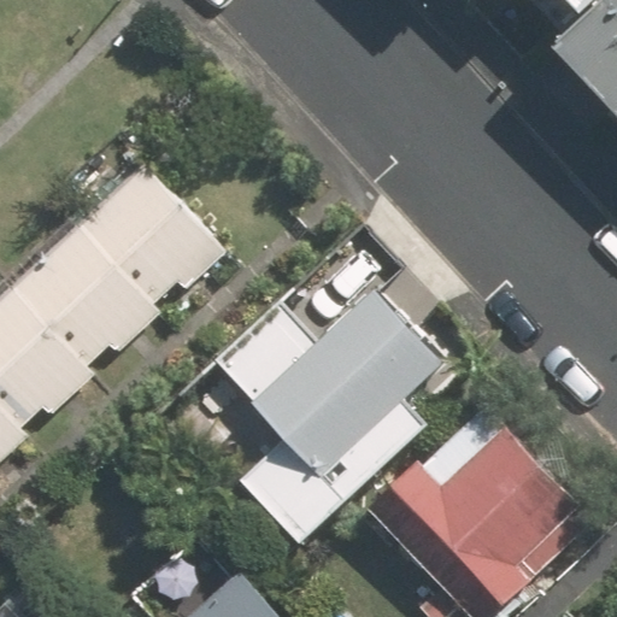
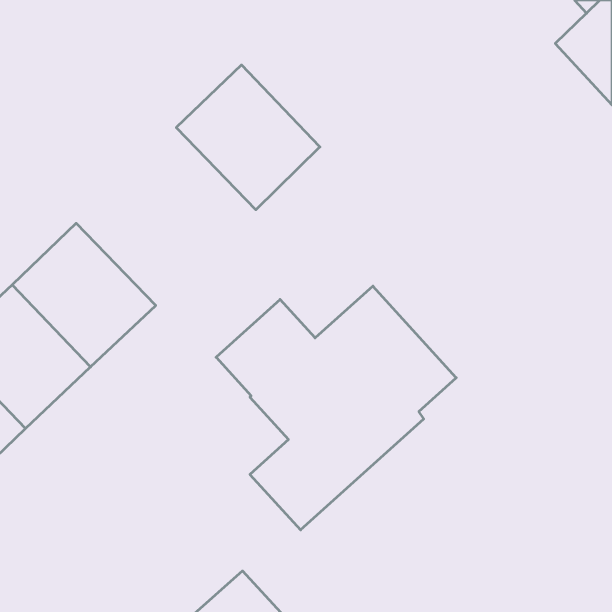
building: [76,165,219,310] -> [176,65,320,210]
building: [396,412,589,606] -> none

